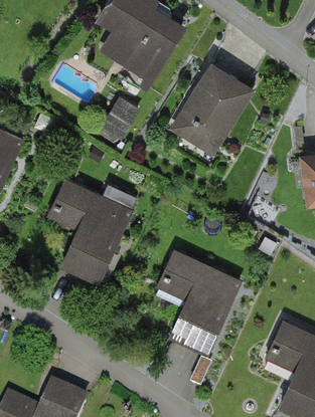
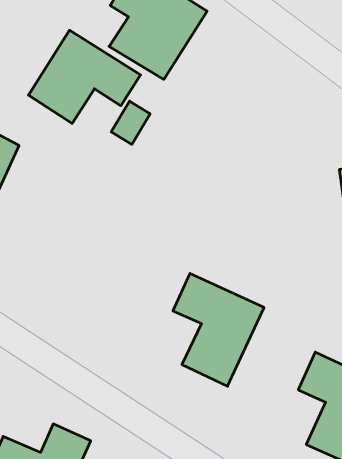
building: none -> [28,30,141,123]
building: [175,66,253,152] -> none
building: [51,181,138,280] -> none

